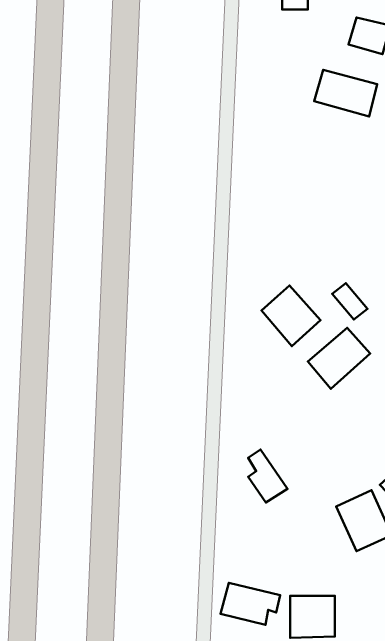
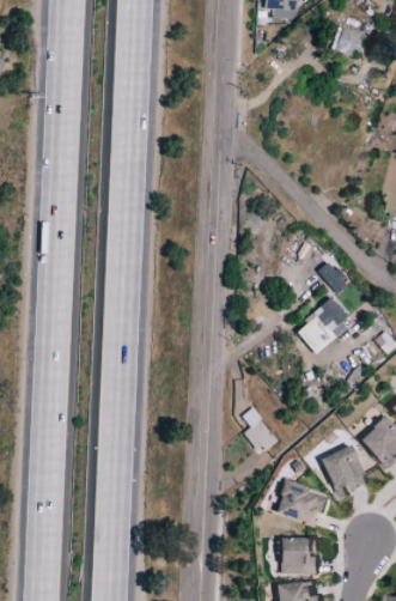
building: [314,70,377,116] -> none
building: [262,285,321,346] -> none
building: [221,583,280,625] -> [274,486,327,523]

